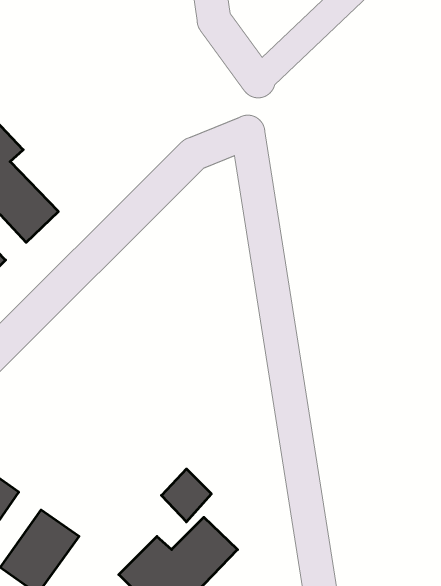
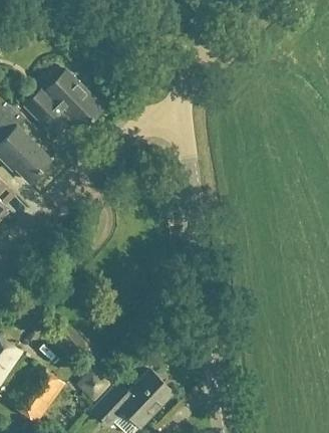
building: none -> [25,70,103,133]
building: [161,469,211,522] -> [76,367,110,403]

